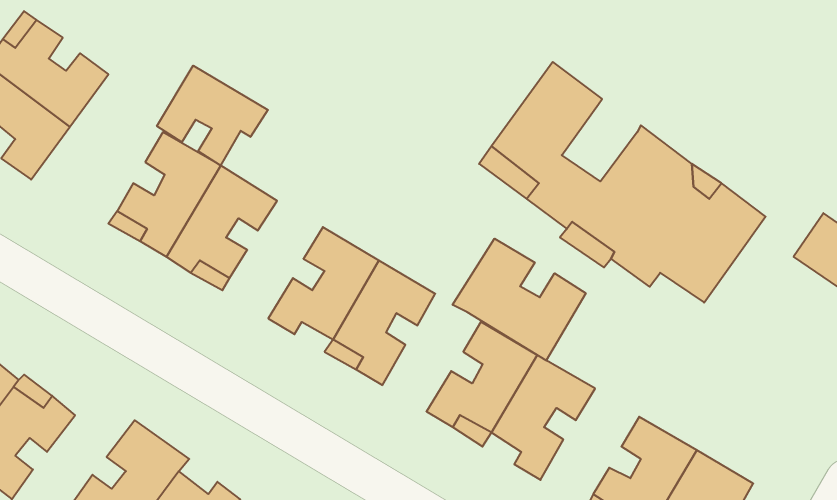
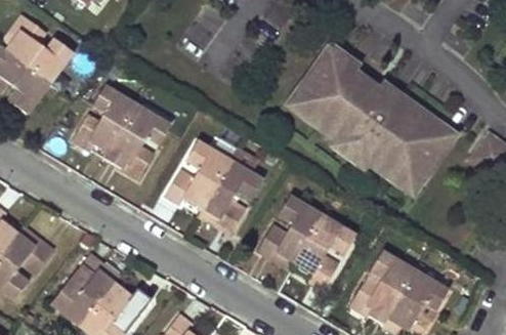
building: [157,66,268,165] -> none
building: none -> [337,69,381,114]
building: [453,239,586,361] -> none

